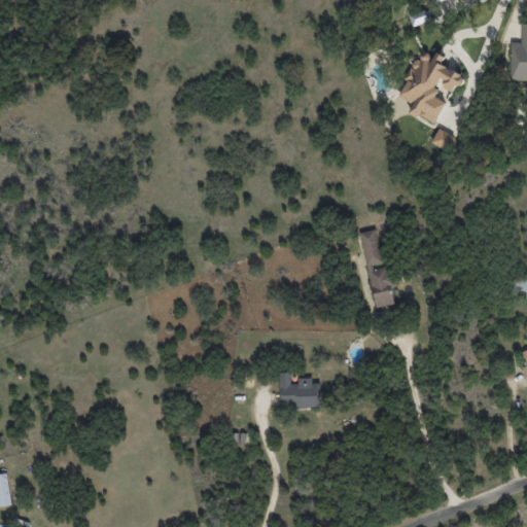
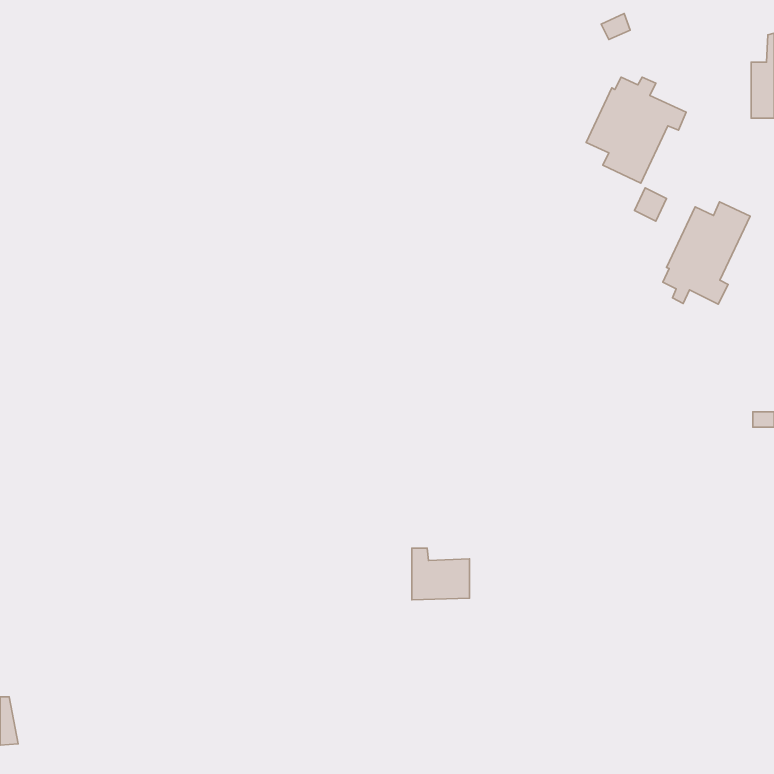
building: none -> [663,202,750,304]
building: [360,229,394,308] -> none

